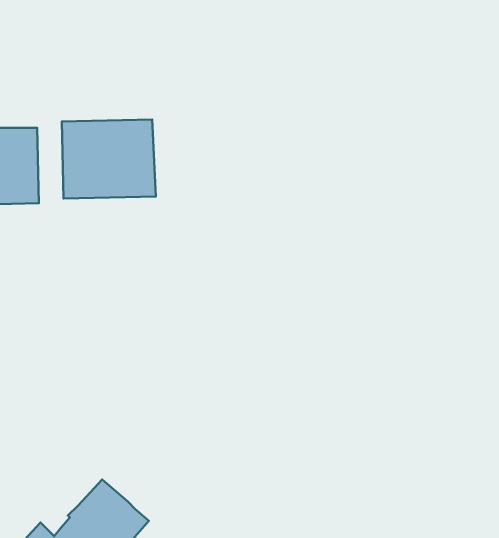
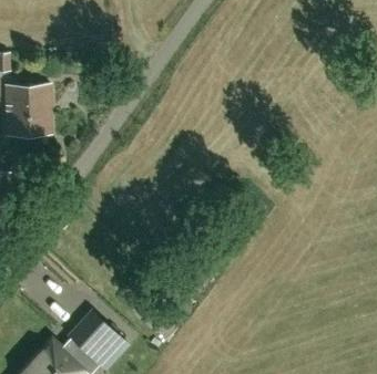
building: [62,119,156,199] -> none

